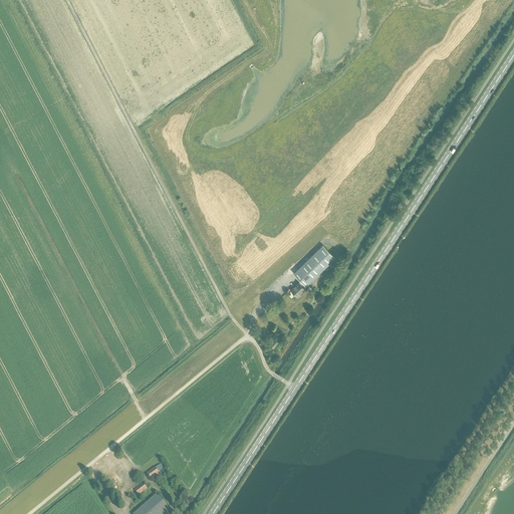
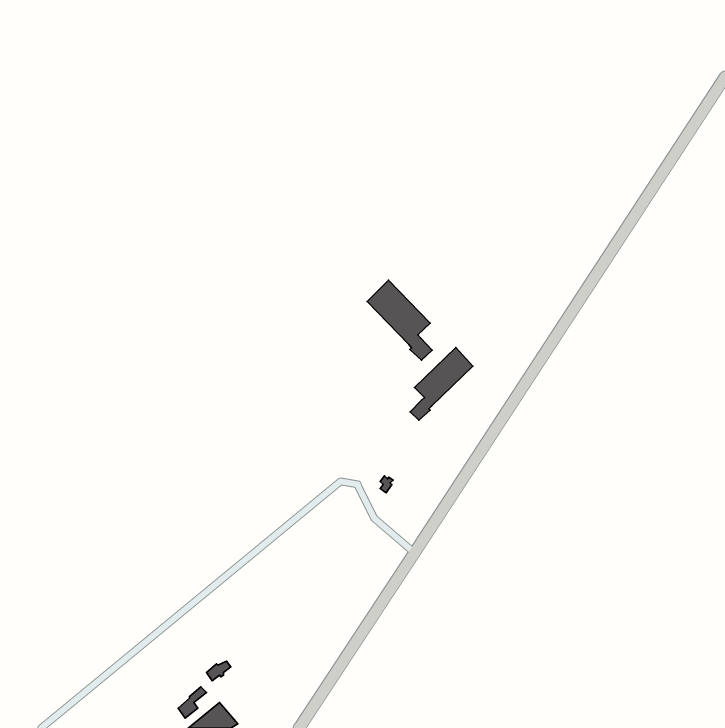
building: none -> [367,280,432,360]

